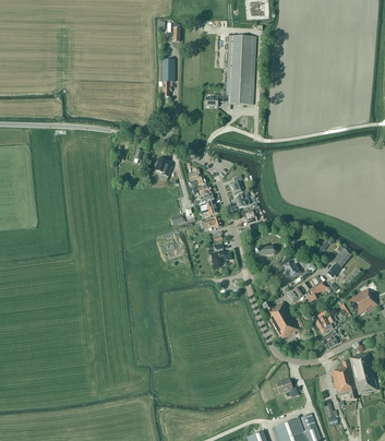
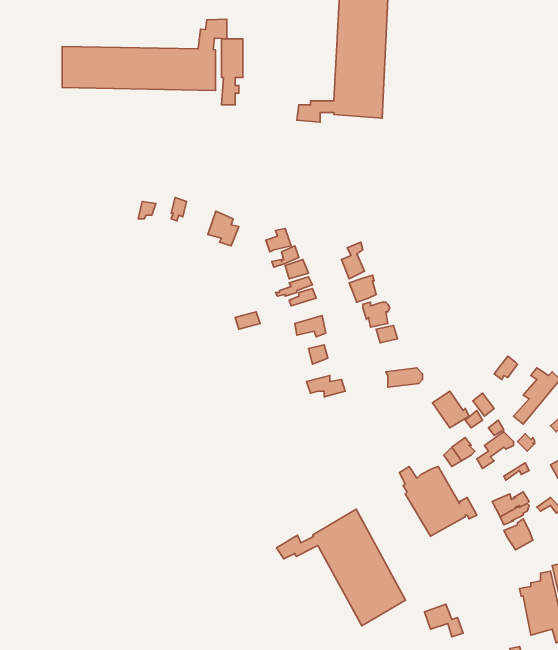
building: none -> [62,19,227,91]
building: none -> [277,509,405,626]

